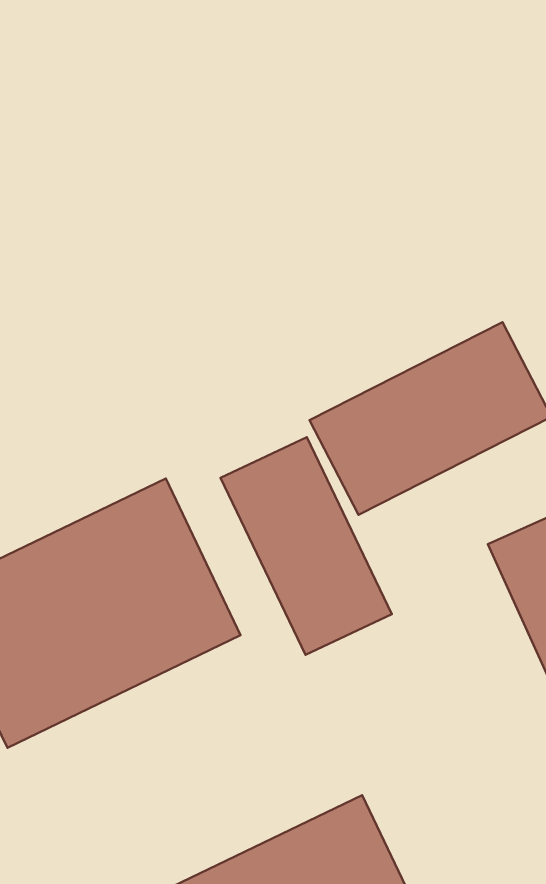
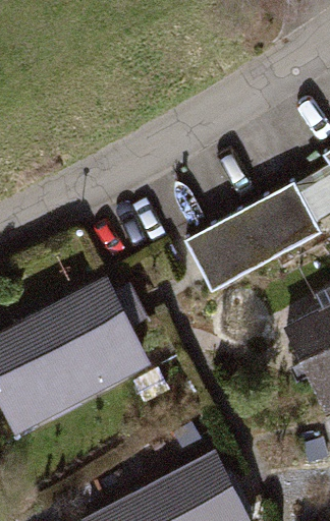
building: [221,437,392,655] -> none

